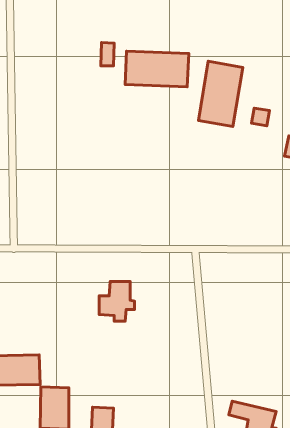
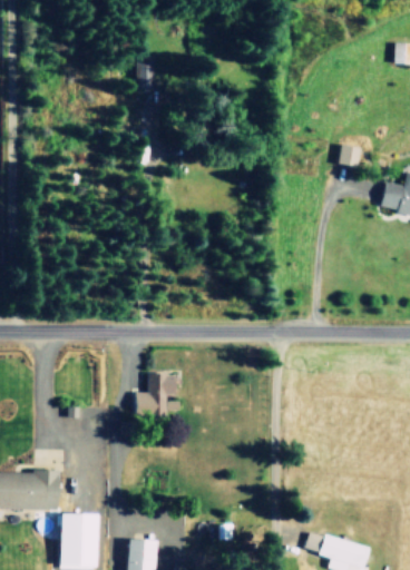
building: [125,51,189,87] -> none
building: [198,61,243,127] -> none

